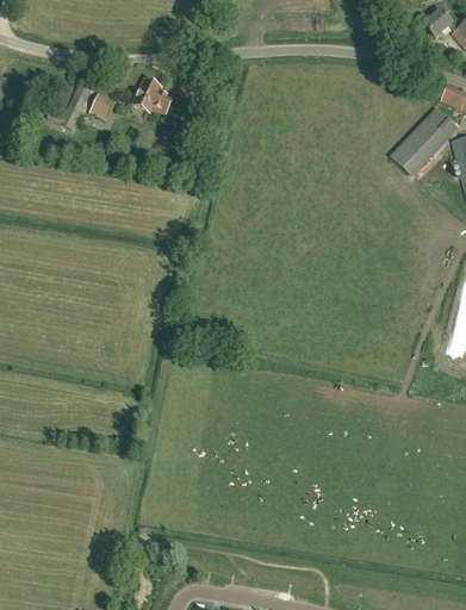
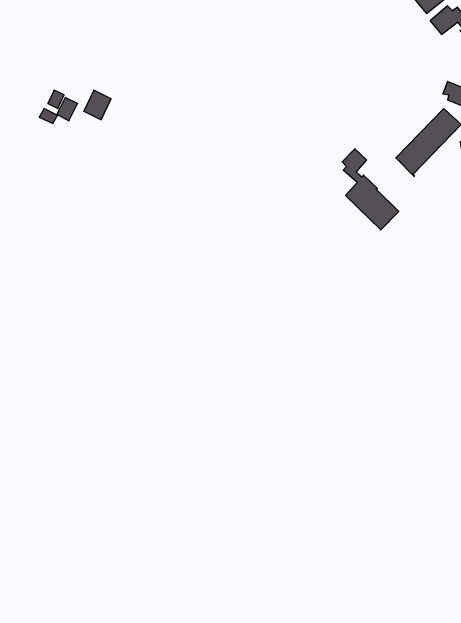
building: [132,79,173,113] -> none
building: none -> [342,149,399,230]

